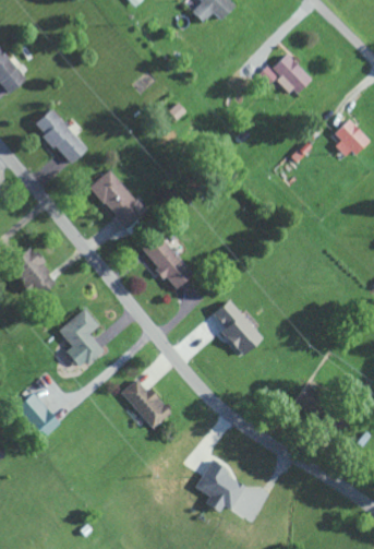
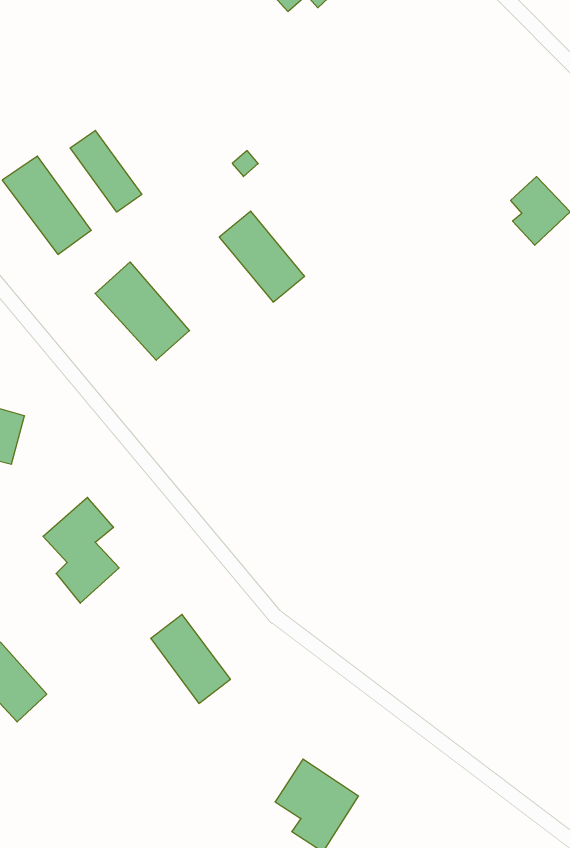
building: [261,52,311,96] -> none
building: none -> [70,130,142,212]
building: [143,236,193,289] -> [219,211,305,302]
building: [215,299,264,356] -> none

